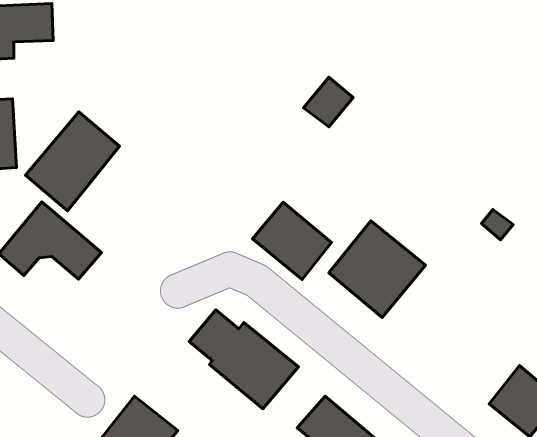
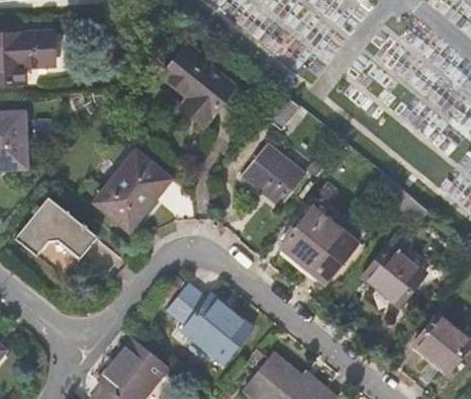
building: none -> [162,53,231,129]
building: [26,112,120,211] -> [96,148,171,227]
building: [253,202,331,279] -> [242,147,304,209]
building: none -> [362,235,422,307]

